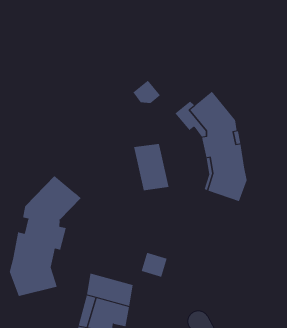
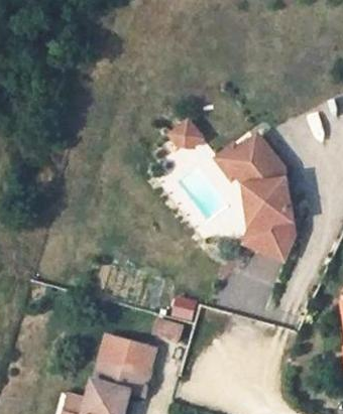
building: [133,143,169,191] -> none
building: [9,175,82,297] -> none

